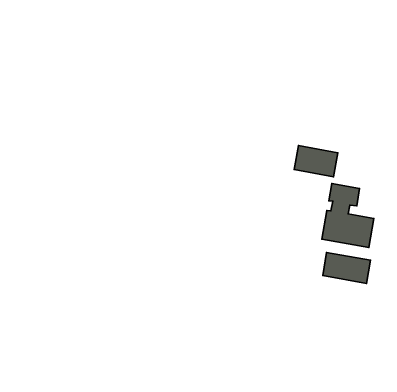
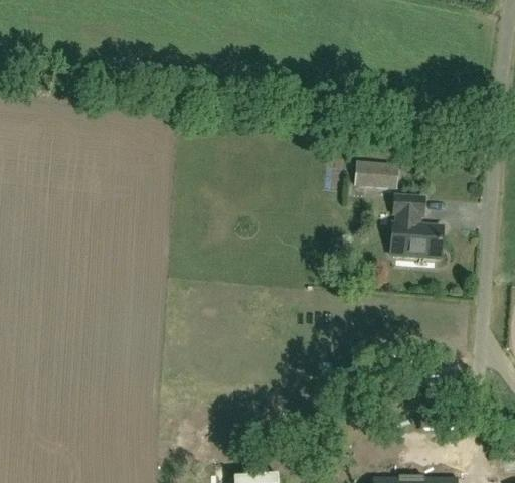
building: [323,252,371,283] -> none

